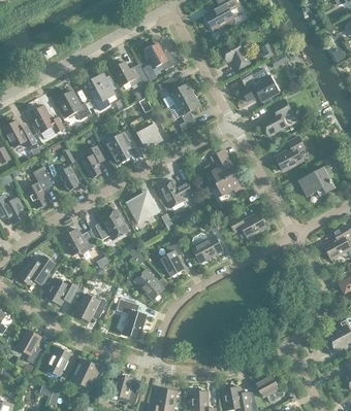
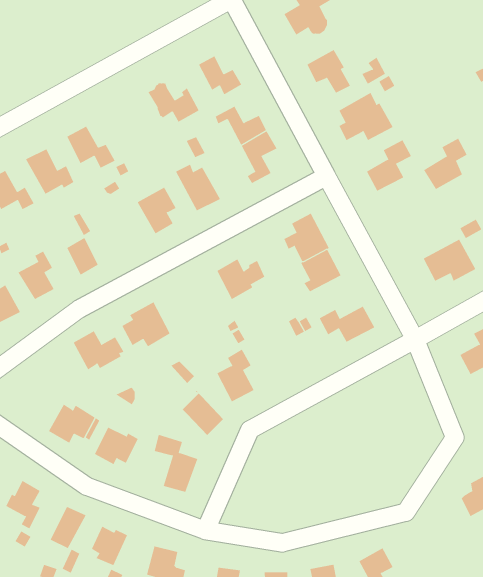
building: [91,73,115,110] -> none
building: [275,136,305,171] -> [423,138,468,190]
building: [82,145,105,178] -> none
building: [126,190,159,221] -> none
building: [193,232,223,262] -> none
building: [19,255,55,285] -> none

